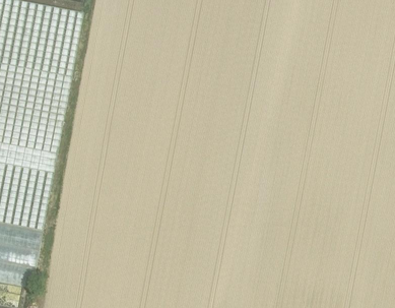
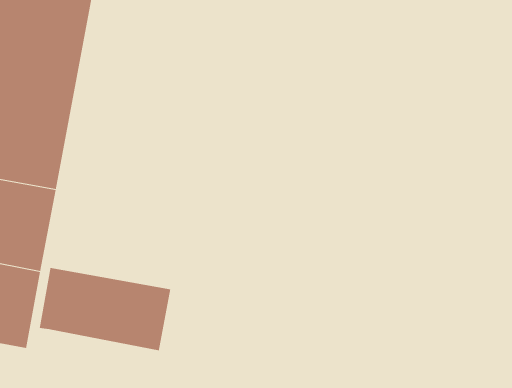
building: none -> [39,267,171,351]

